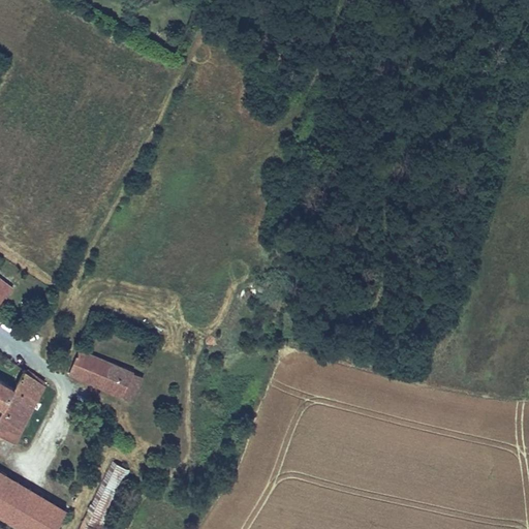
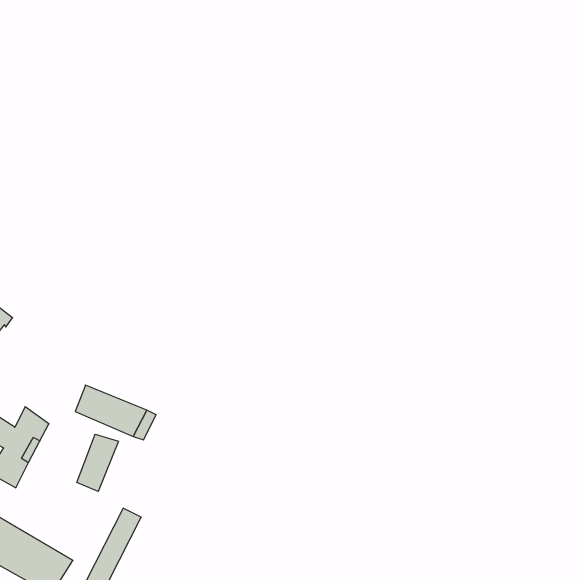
building: none -> [77,434,119,491]

